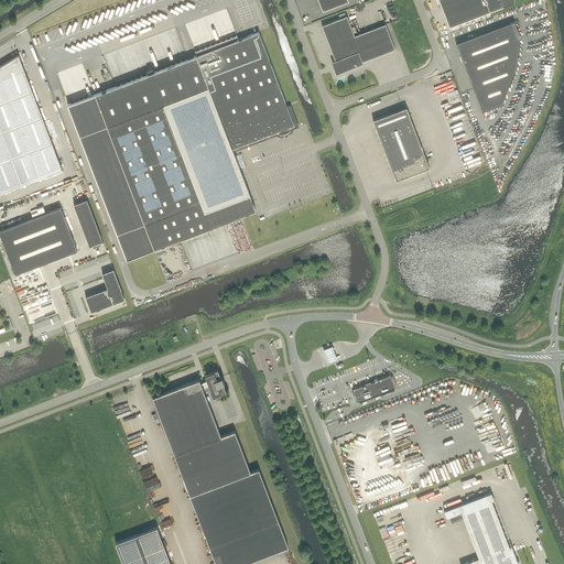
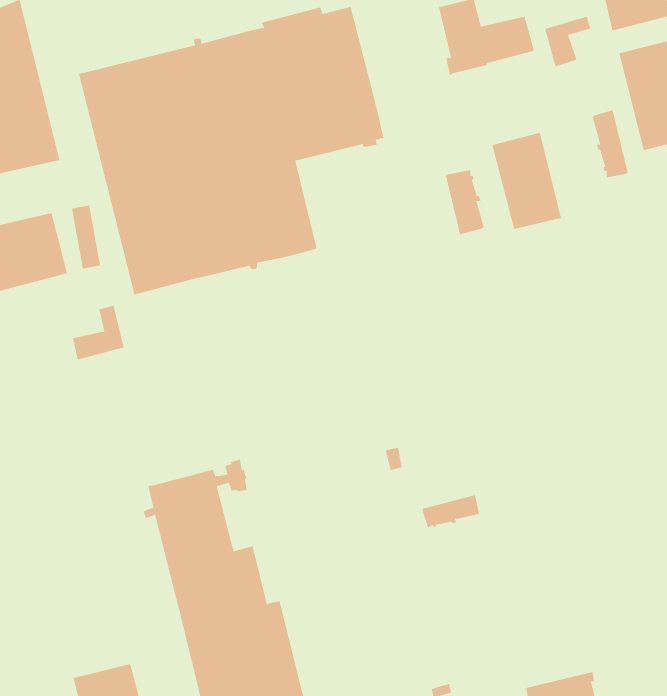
building: none -> [545,16,591,67]
building: none -> [591,110,629,178]
building: none -> [445,169,485,235]

